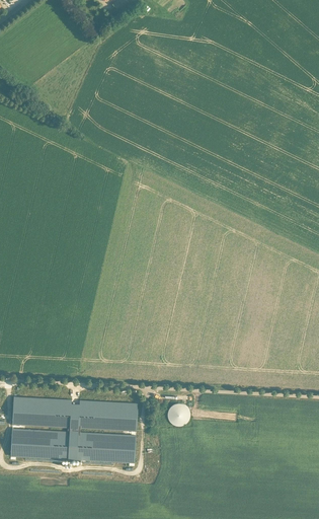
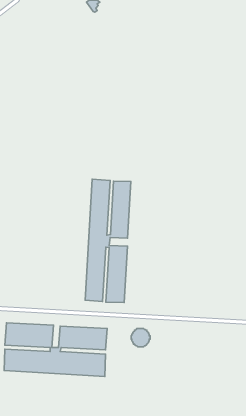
building: none -> [85,179,131,303]

